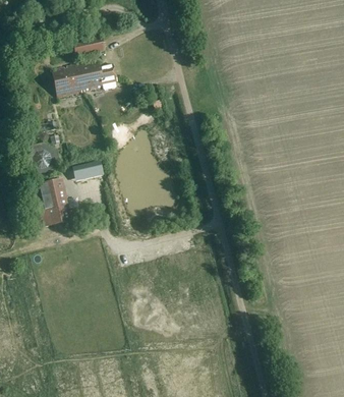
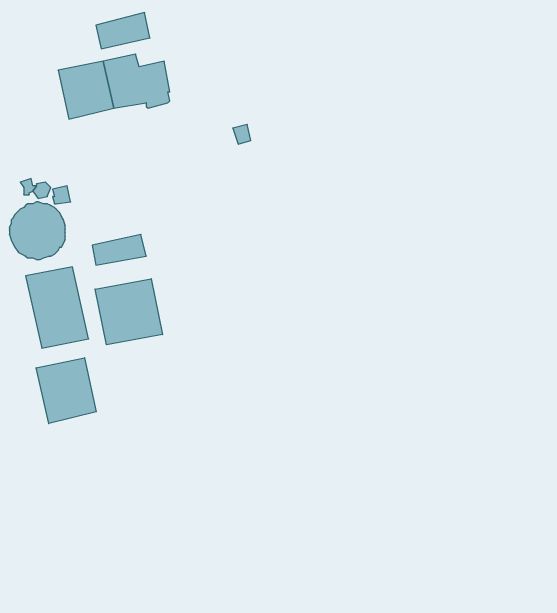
building: none -> [95,279,162,345]
building: none -> [36,358,96,424]

